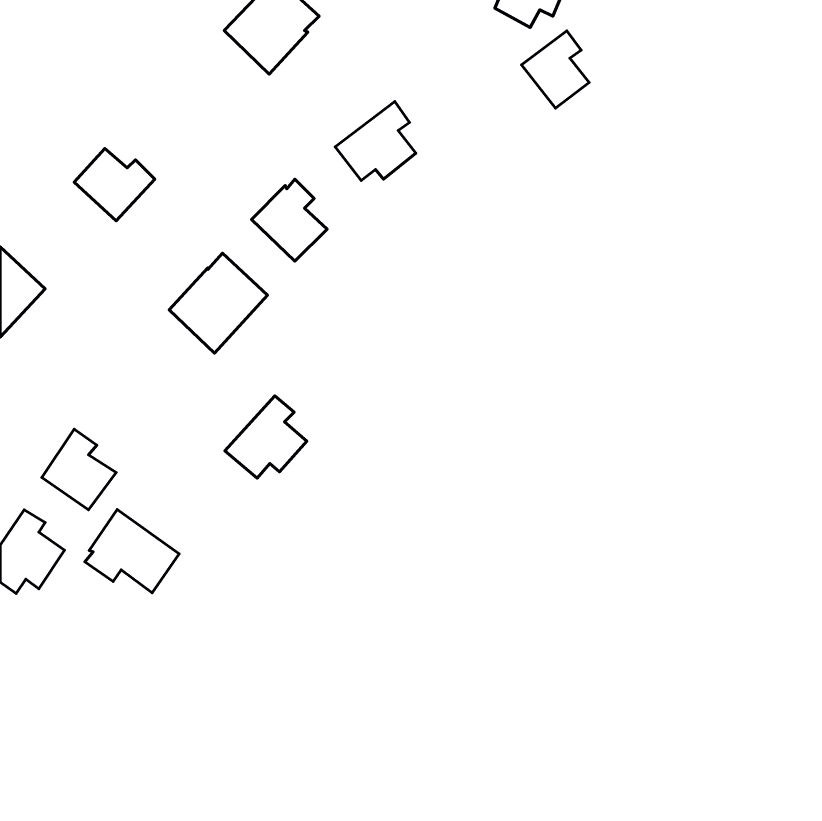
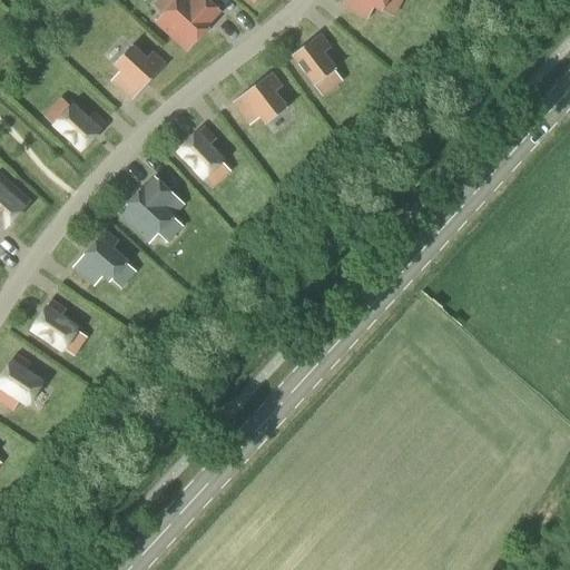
building: [522,31,589,108] -> [292,32,338,86]
building: none -> [111,42,167,99]
building: [225,396,307,478] -> [72,228,129,285]
building: [85,510,179,593] -> none

